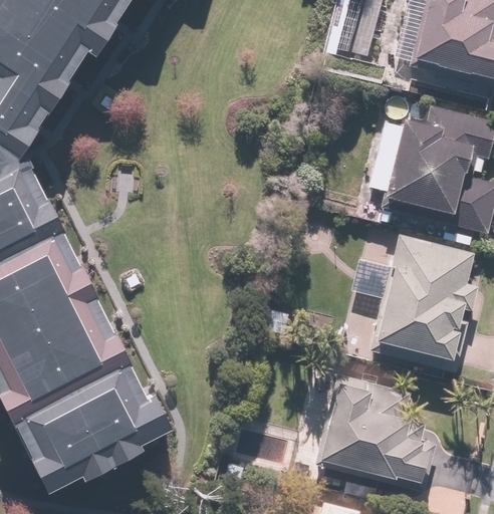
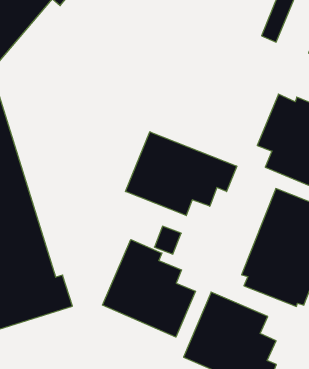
building: none -> [126,132,237,216]
building: none -> [103,240,196,337]

